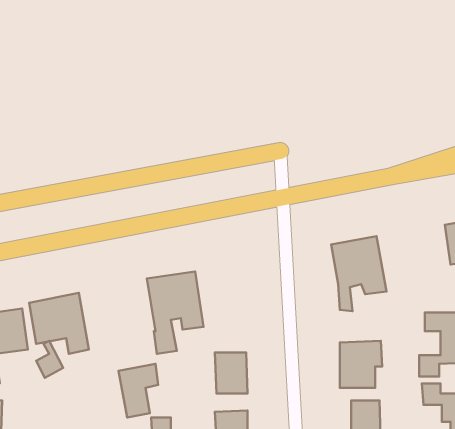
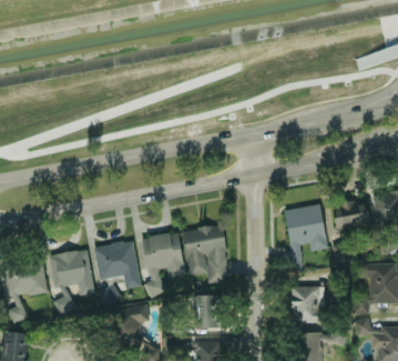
building: none -> [333,201,368,230]
building: none -> [184,225,226,283]
building: none -> [93,239,141,288]

